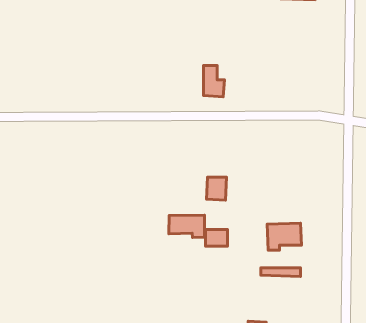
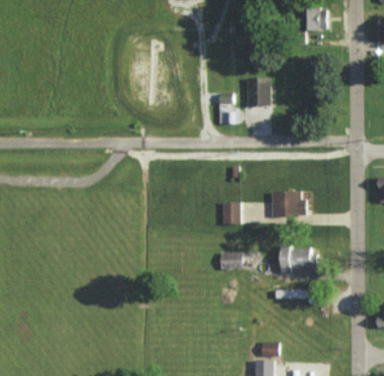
building: none -> [247,78,271,106]
building: none -> [271,191,306,216]
building: [169,215,205,238] -> none

